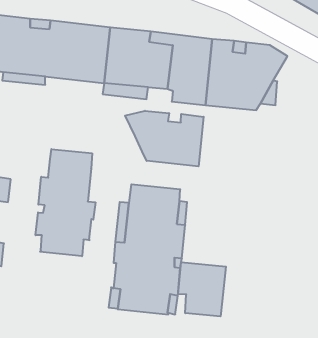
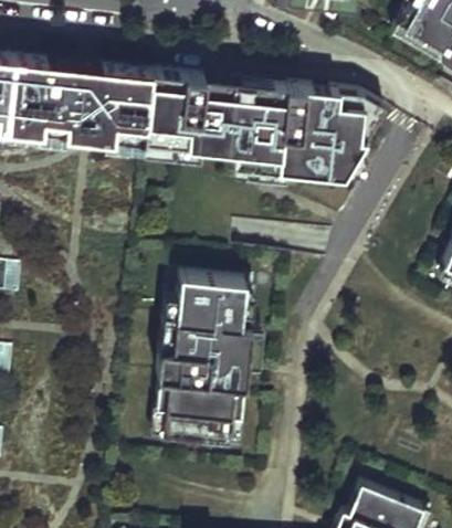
building: [125,111,204,166] -> none
building: [36,149,95,256] -> none
building: [178,262,226,316] -> none

